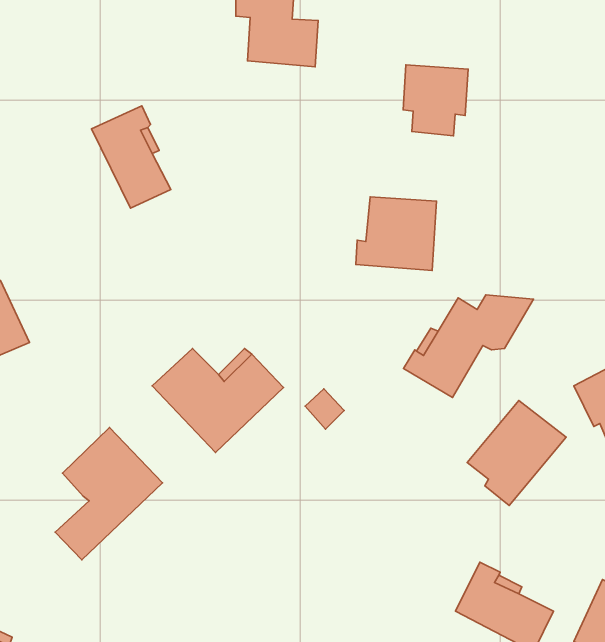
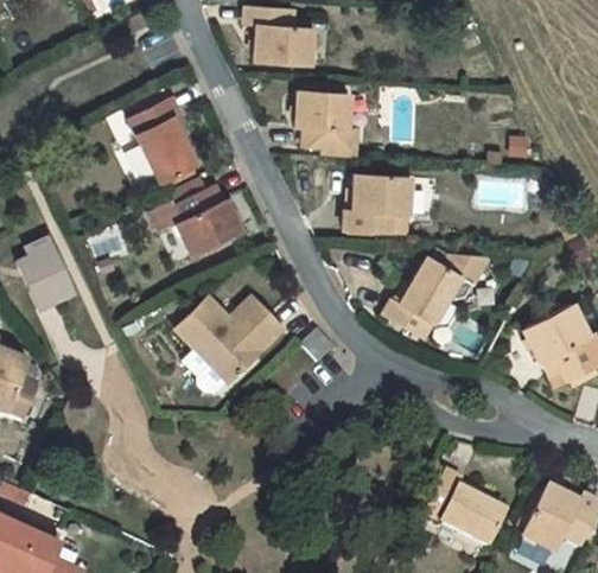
building: [403,65,468,136] -> [297,90,350,148]
building: none -> [172,185,243,257]
building: [467,400,566,505] -> none
building: [55,428,162,560] -> none

